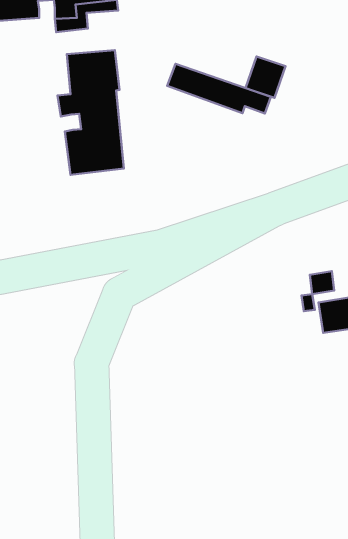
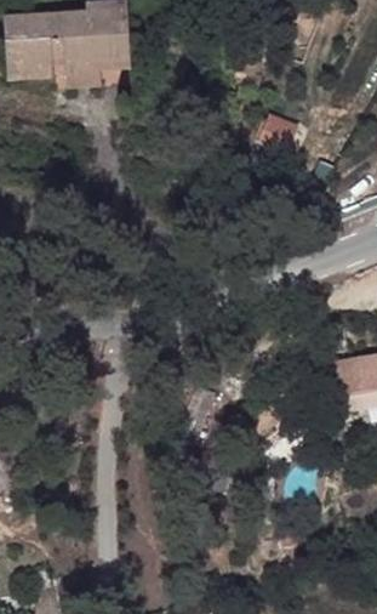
building: [58,50,124,175] -> none
building: [167,64,271,114] -> none

